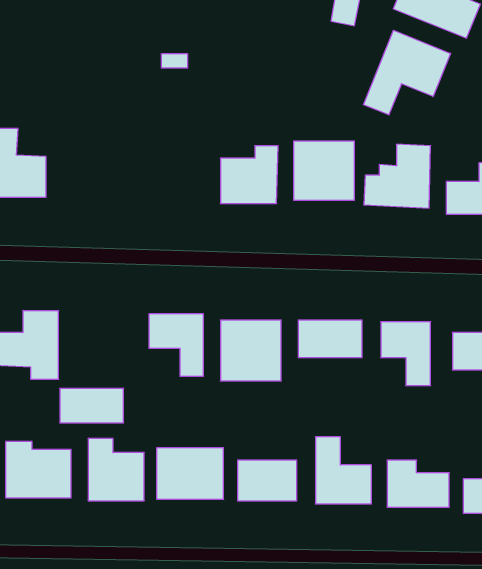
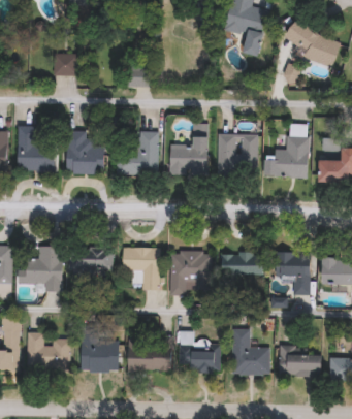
building: none -> [54,54,76,75]
building: [364,30,451,115] -> none
building: none -> [67,131,104,173]
building: none -> [117,133,158,174]
building: [60,388,124,423] -> [70,248,113,270]

